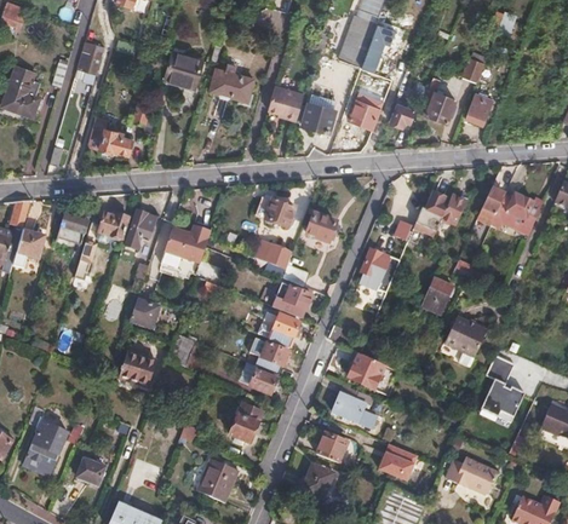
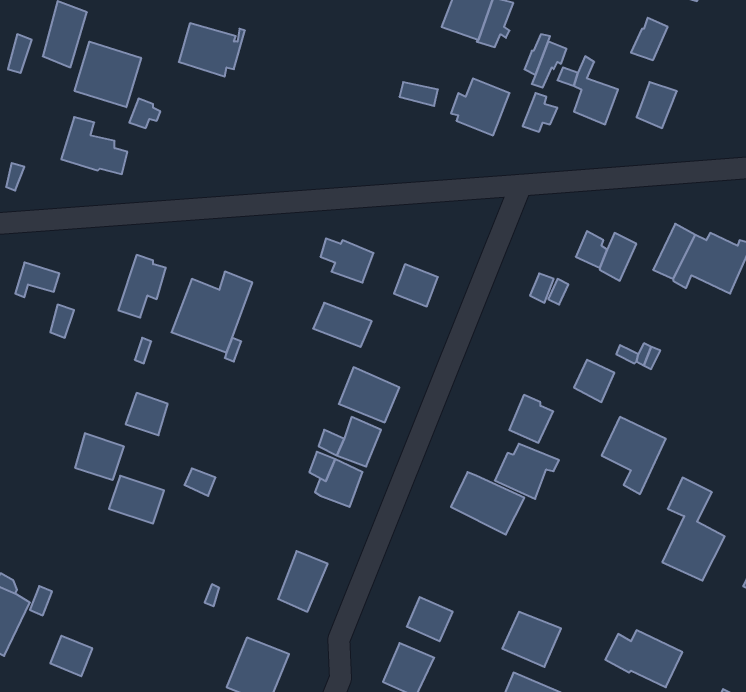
building: none -> [75,42,141,107]
building: [211,69,253,100] -> none
building: [268,85,305,121] -> none
building: [303,104,334,132] -> none
building: [97,213,127,246] -> none
building: [360,248,389,280] -> [509,395,553,443]
building: none -> [75,433,124,480]
building: [249,367,277,402] -> none
building: [332,386,374,422] -> [495,444,559,499]

